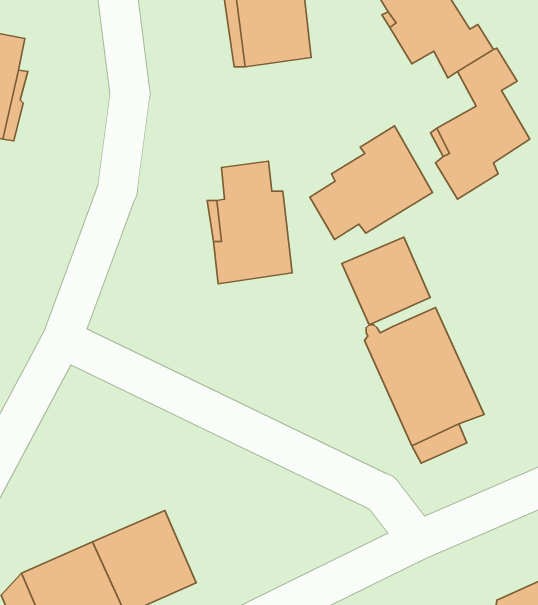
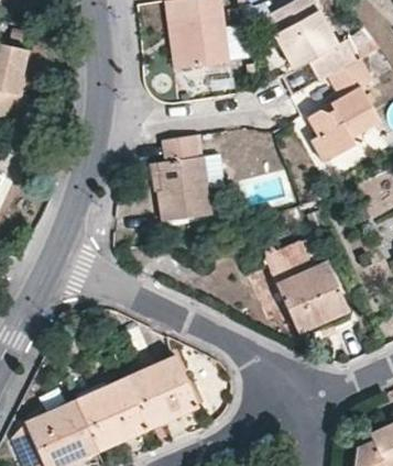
building: [310,126,432,239] -> none
building: [342,237,430,325] -> none
building: none -> [125,356,198,429]

